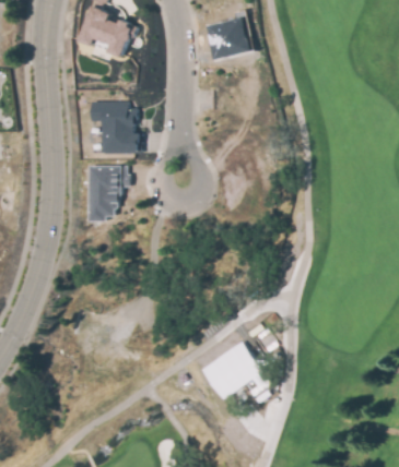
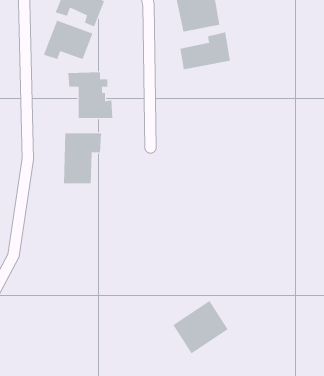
building: none -> [43,20,93,60]
building: none -> [180,32,231,70]

